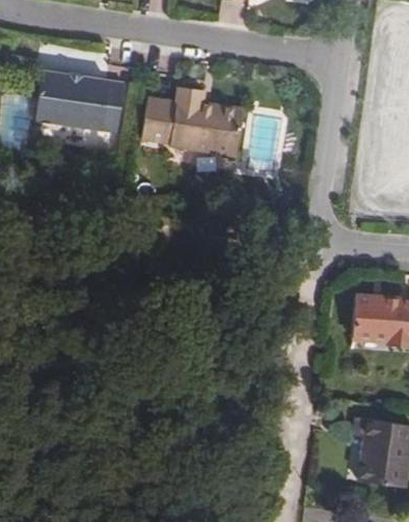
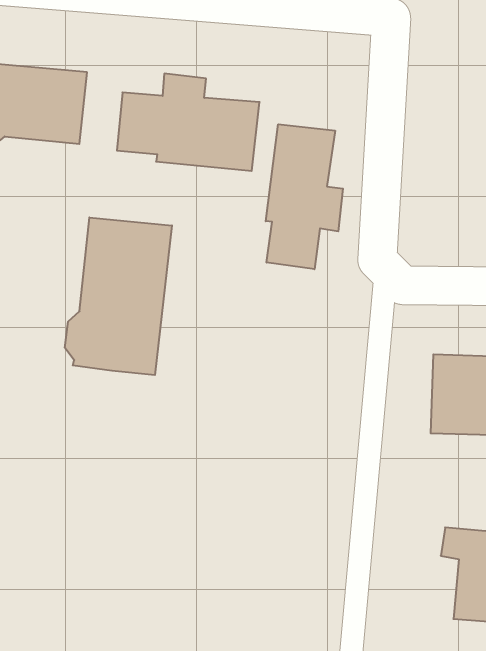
building: none -> [266,124,343,269]
building: none -> [65,217,172,375]

